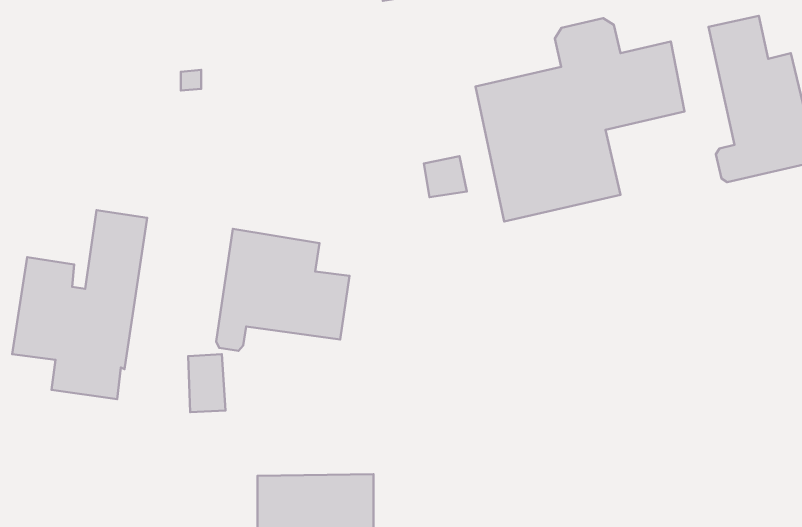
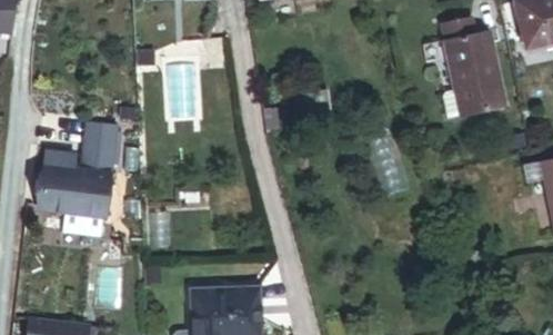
building: [476,18,685,222] -> none
building: [216,229,349,351] -> none

